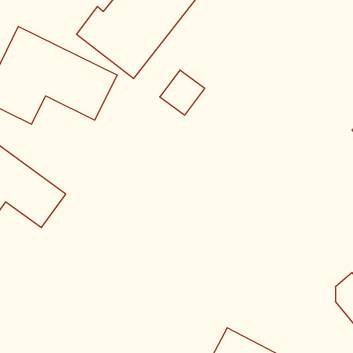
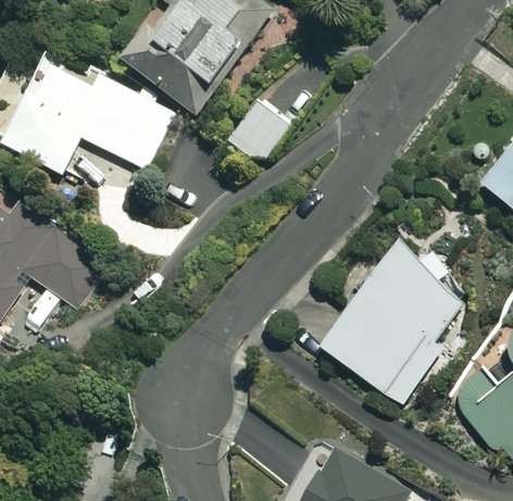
building: none -> [323,245,463,406]

